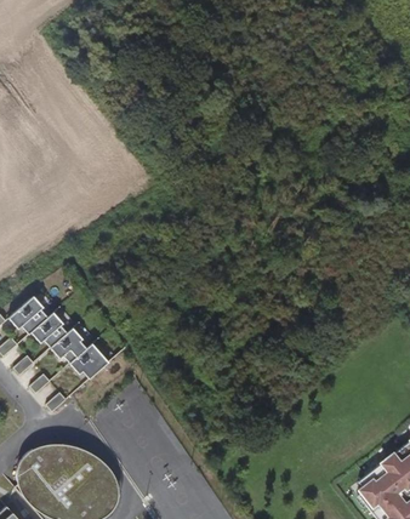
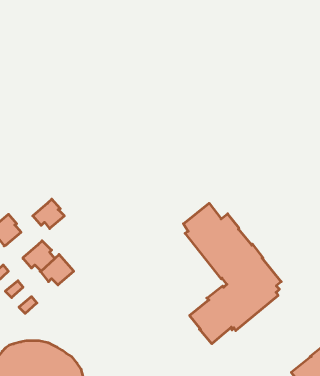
building: none -> [183,203,281,344]
building: [32,313,68,347] -> [33,199,64,229]

